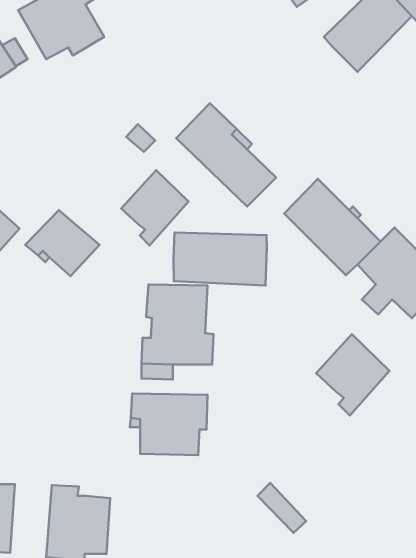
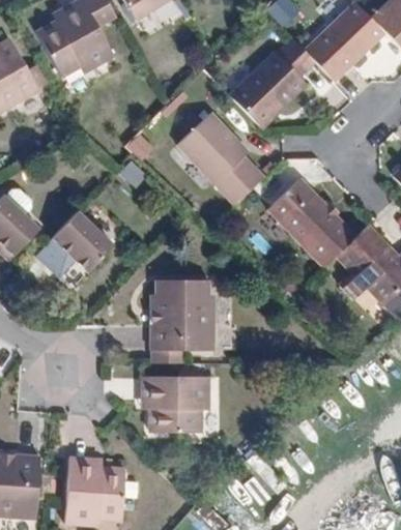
building: none -> [231,40,316,129]
building: [121,170,189,245] -> none
building: [174,233,267,286] -> none
building: [316,334,389,416] -> none

